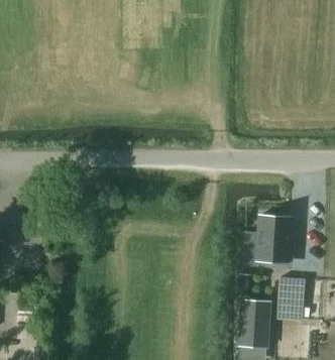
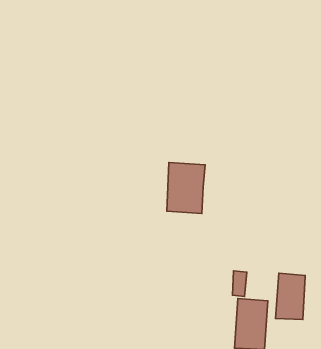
building: [256,216,292,262] -> [167,163,205,213]

